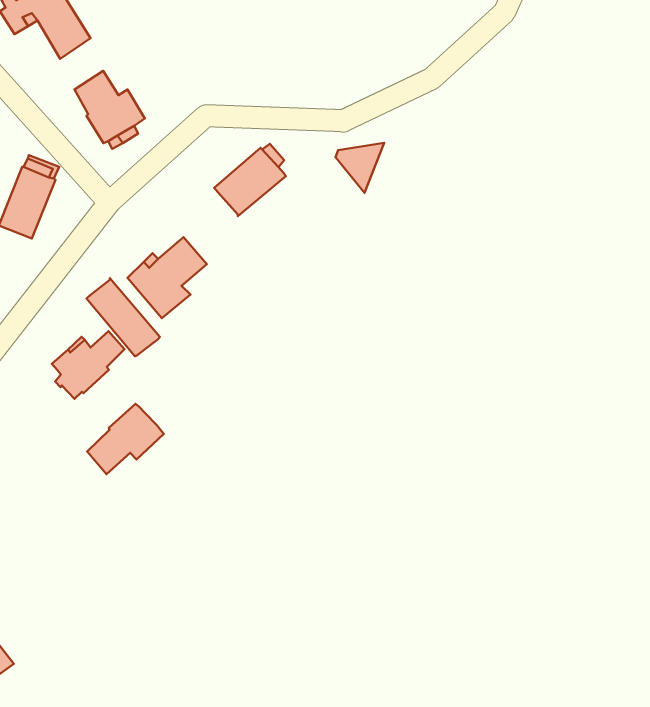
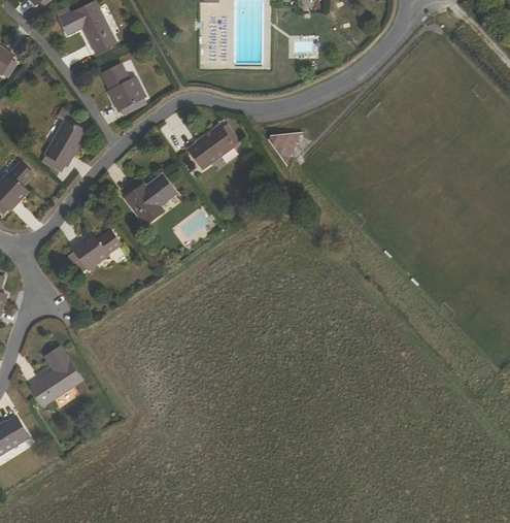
building: [87,278,160,356] -> none
building: [87,404,164,474] -> none
building: none -> [30,347,80,405]

